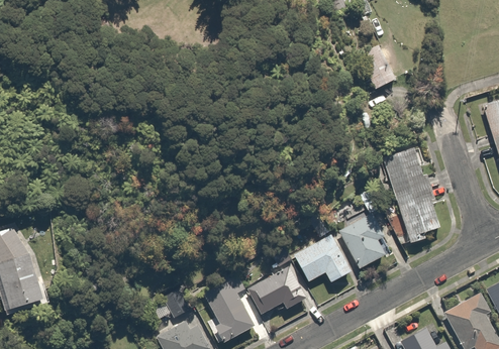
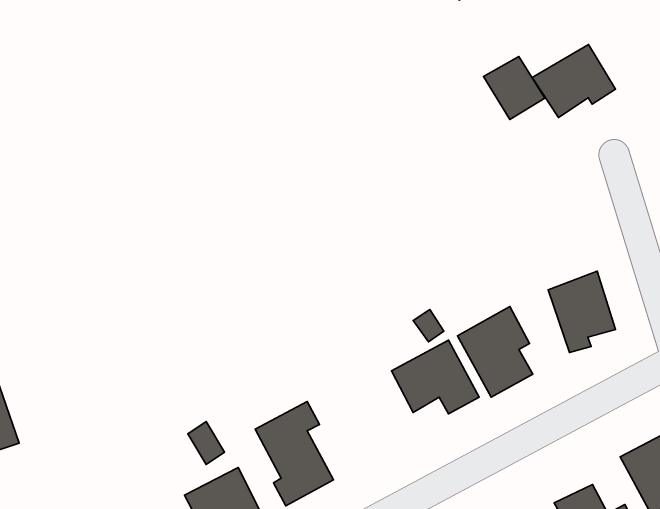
building: none -> [532,45,616,117]
building: [382,149,429,201] -> none
building: [247,265,308,314] -> none

